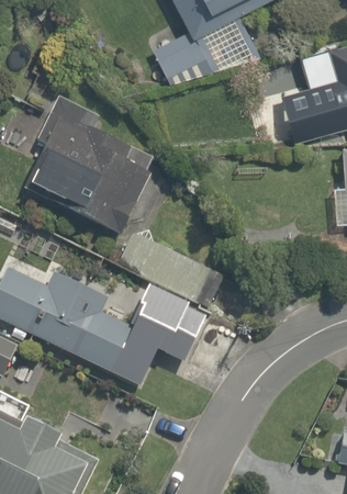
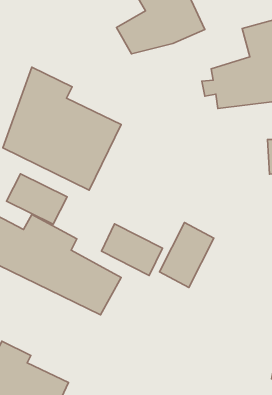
building: none -> [6,174,67,224]
building: none -> [160,223,214,287]

